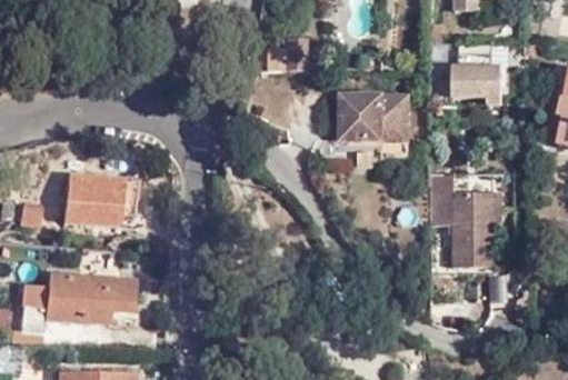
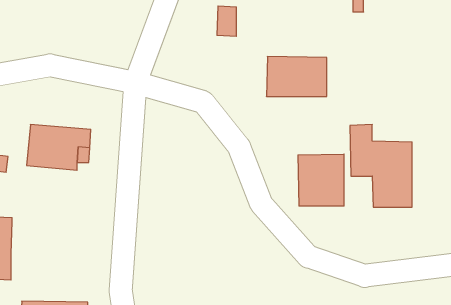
building: [457,43,507,107] -> none
building: none -> [298,154,344,206]
building: [43,274,132,322] -> none

